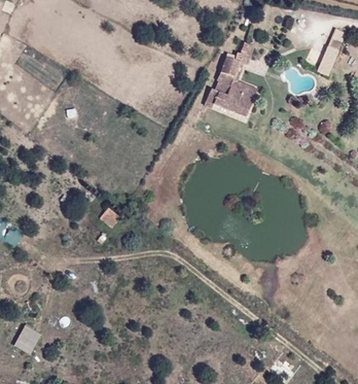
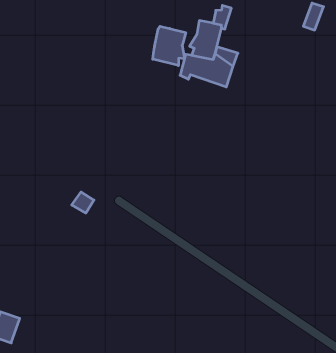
building: none -> [153,26,186,66]

